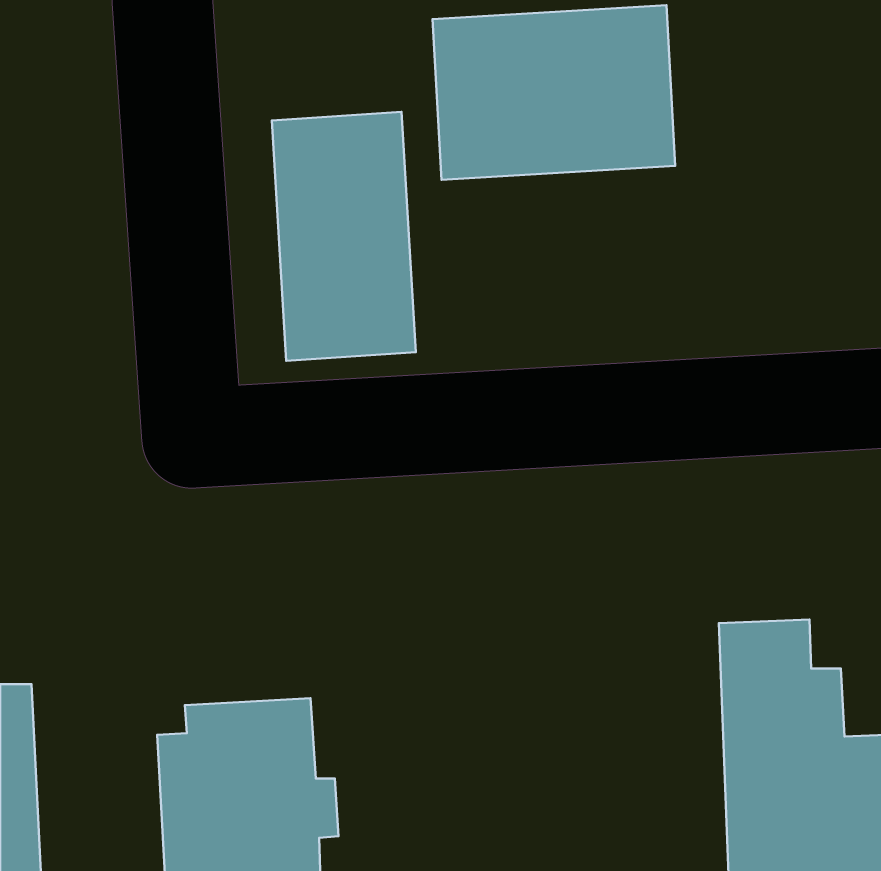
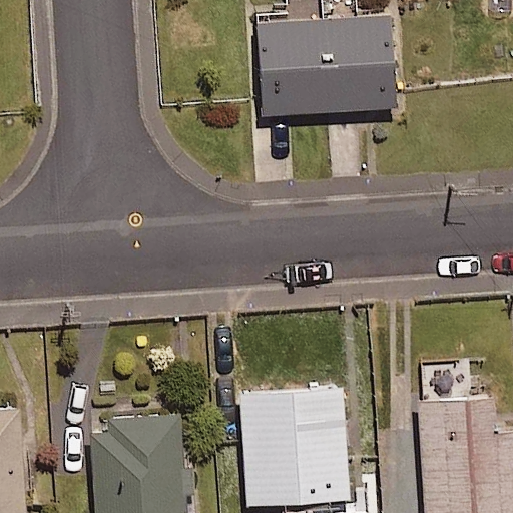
building: [272,112,416,361] -> none
building: none -> [238,387,347,507]

